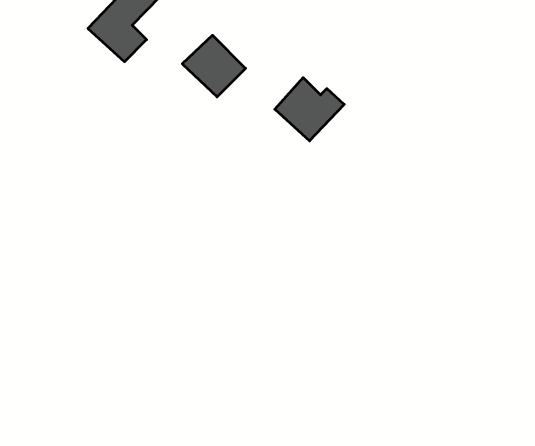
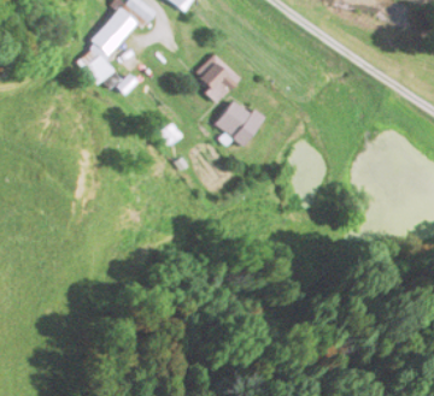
building: [182,35,246,97] -> [192,53,240,100]

